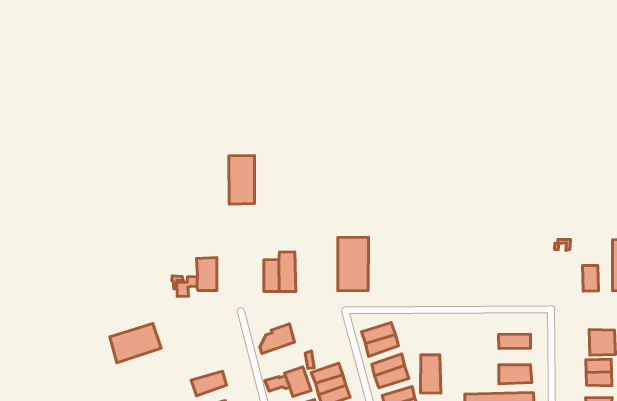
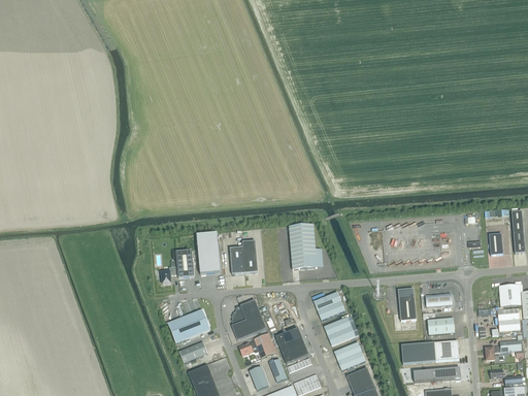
building: [229,155,255,204] -> [197,232,221,273]
building: [110,323,161,363] -> [168,308,210,342]
building: none -> [231,312,266,339]
building: [420,355,441,393] -> [398,288,417,320]

